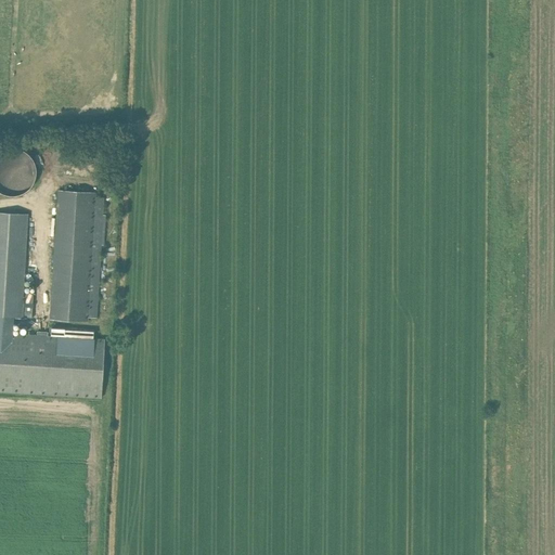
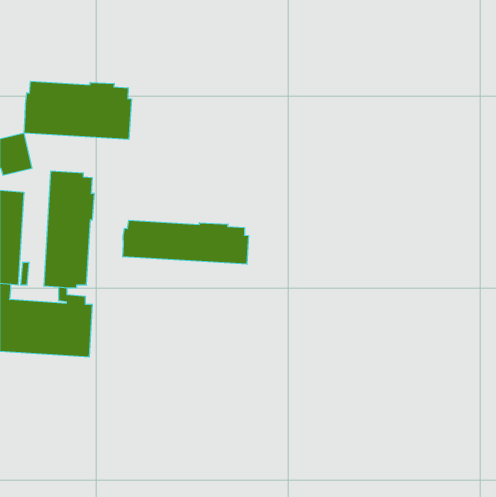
building: none -> [24,81,131,139]
building: none -> [123,220,249,264]

